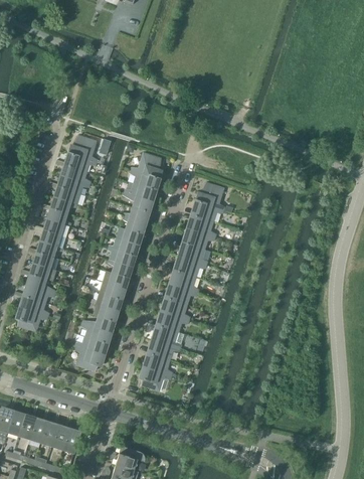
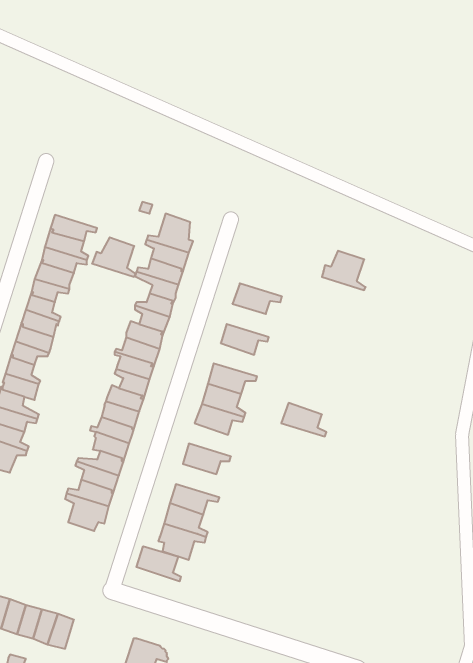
building: [67,135,98,162] -> [92,237,136,277]
building: [195,182,225,209] -> [322,251,366,290]
building: [186,214,216,237] -> none
building: [177,242,208,265] -> [281,403,326,436]
building: [160,297,190,320] -> none
building: [151,325,182,348] -> none
building: none -> [136,546,181,581]

